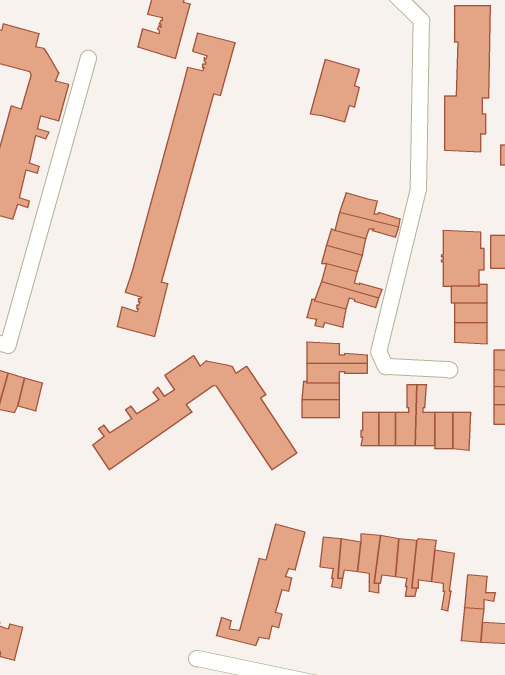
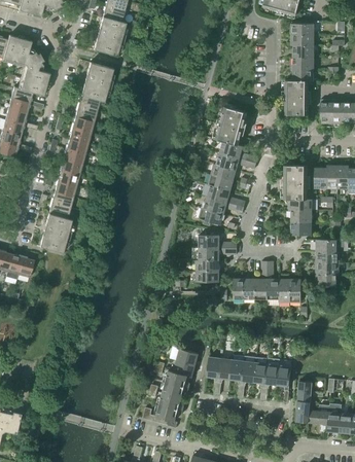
building: [117,33,235,336] -> [40,63,114,253]
building: [310,60,359,122] -> [217,106,248,145]
building: [93,356,297,470] -> none

